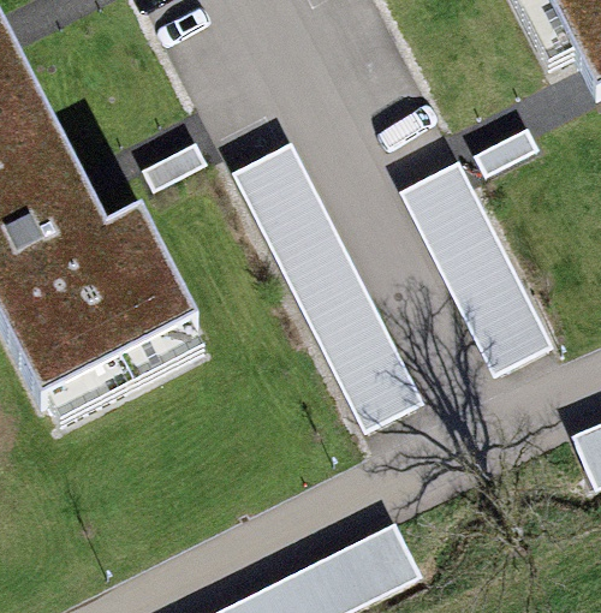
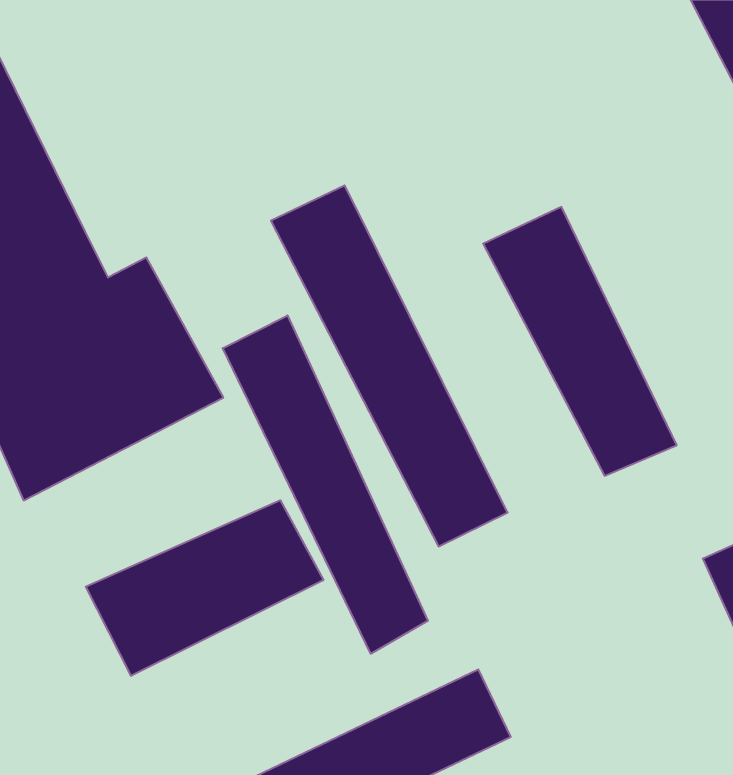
building: none -> [223,315,428,654]
building: none -> [86,500,323,676]

